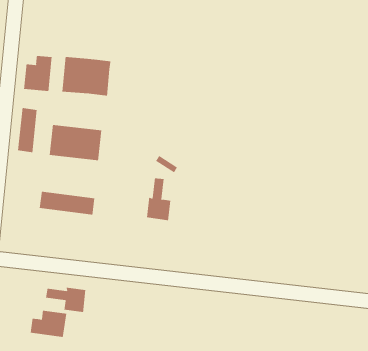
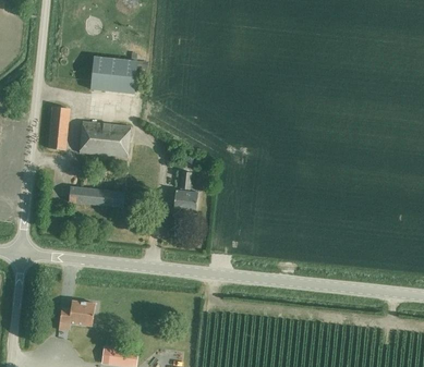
building: [23,55,52,92] -> none
building: [46,287,86,313] -> none

